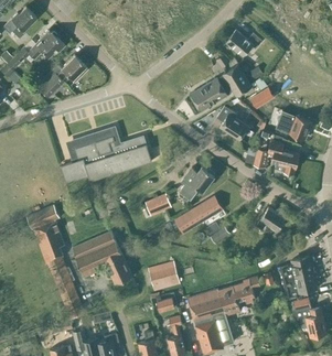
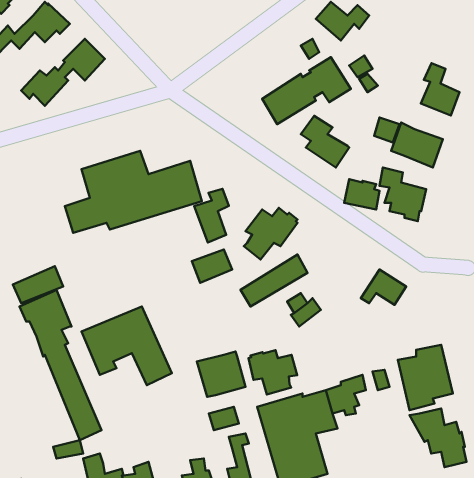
building: none -> [421,63,460,115]
building: none -> [194,189,229,242]
building: none -> [249,350,297,394]

